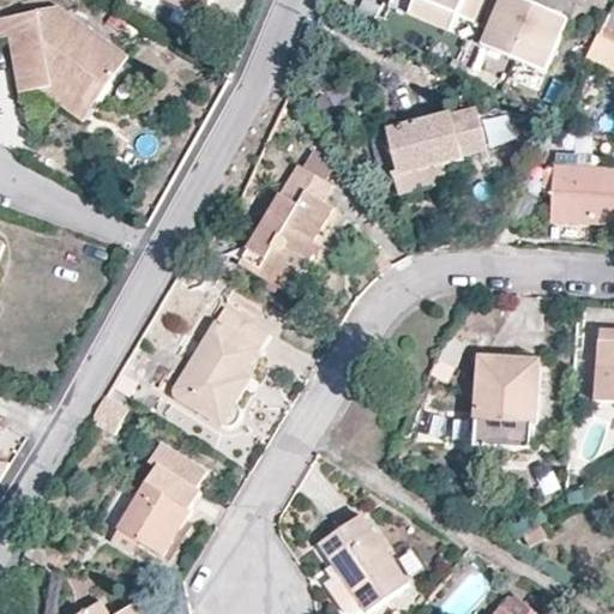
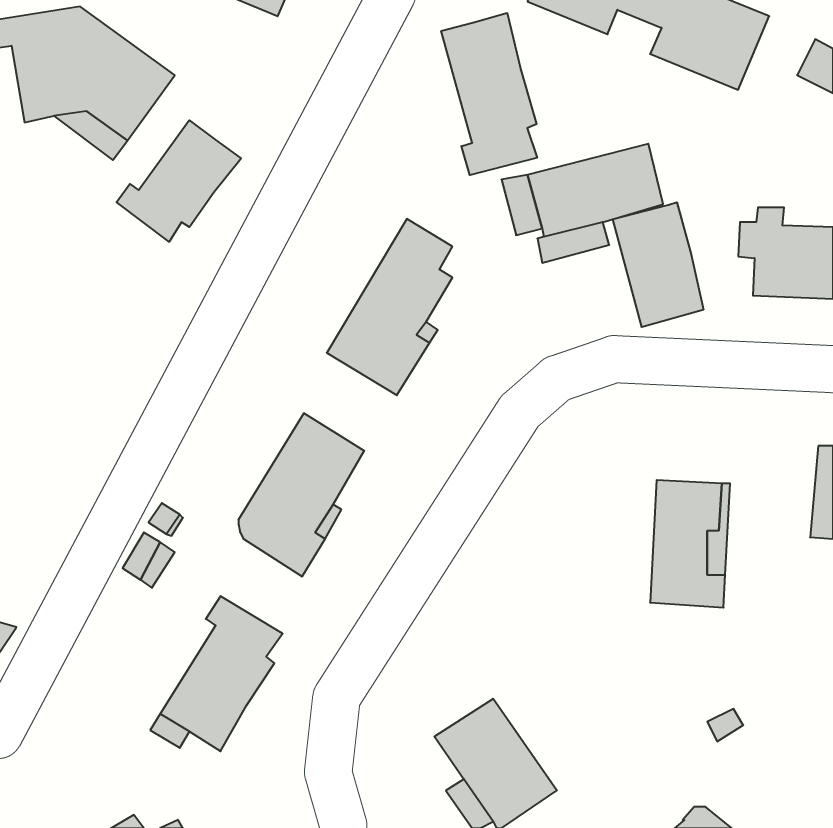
building: none -> [441,13,537,175]
building: none -> [117,120,241,242]
building: none -> [613,202,703,327]

